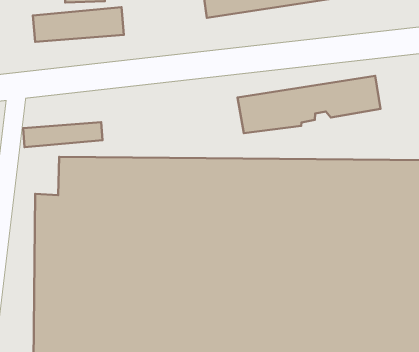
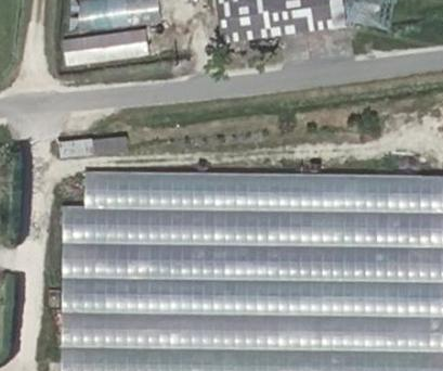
building: [237,76,381,133] -> none

